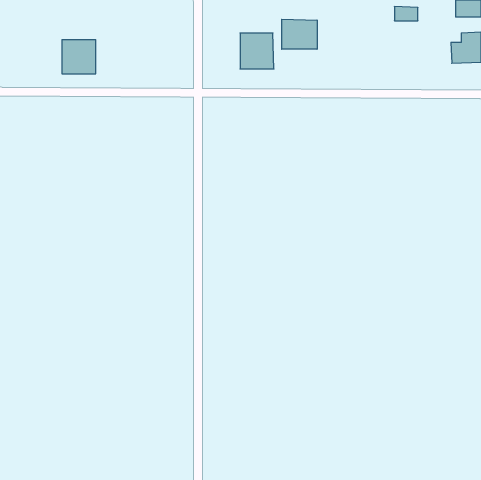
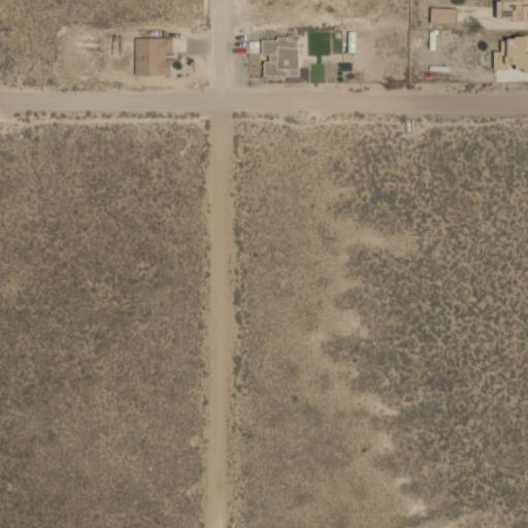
building: [282,19,317,49] -> none
building: [62,40,96,74] -> [135,38,172,75]

